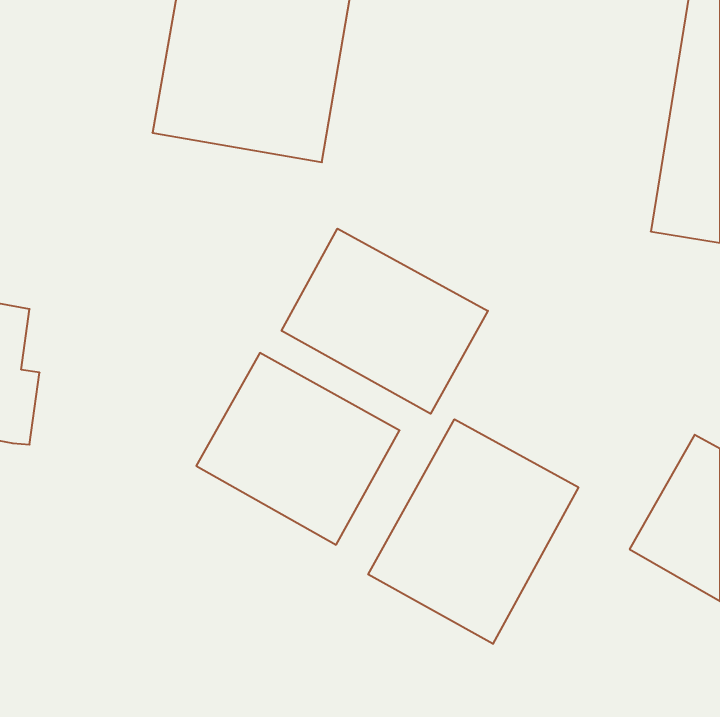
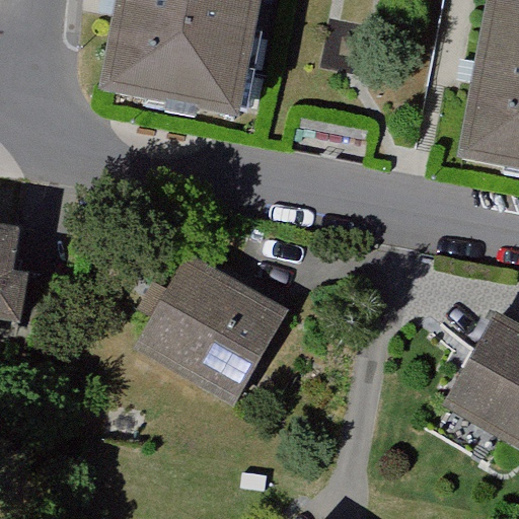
building: [282,229,488,414] -> none
building: [368,419,578,644] -> none

